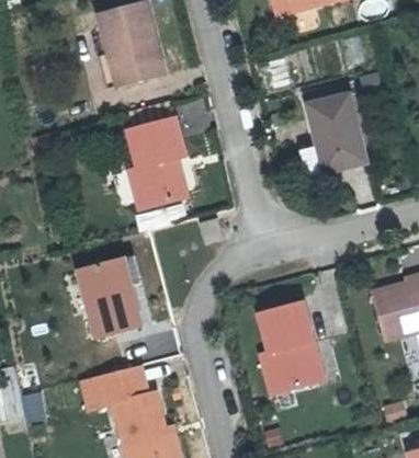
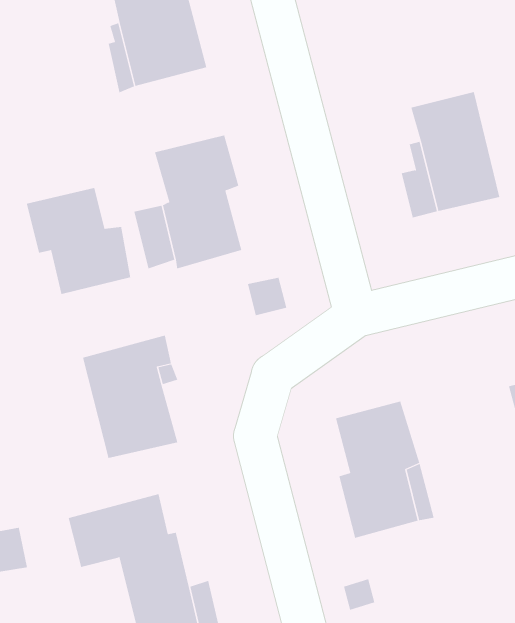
building: none -> [26,187,131,295]

